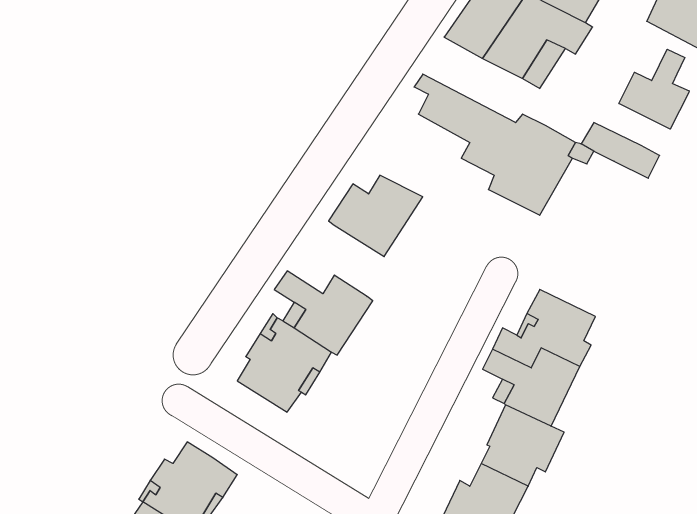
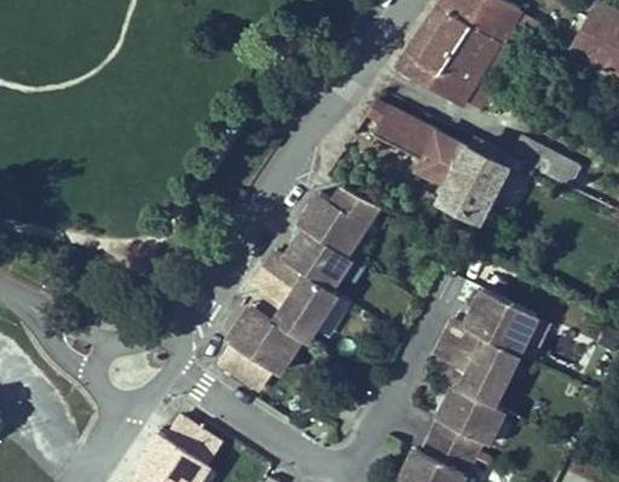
building: [619,49,689,129] -> none
building: none -> [267,230,354,290]

